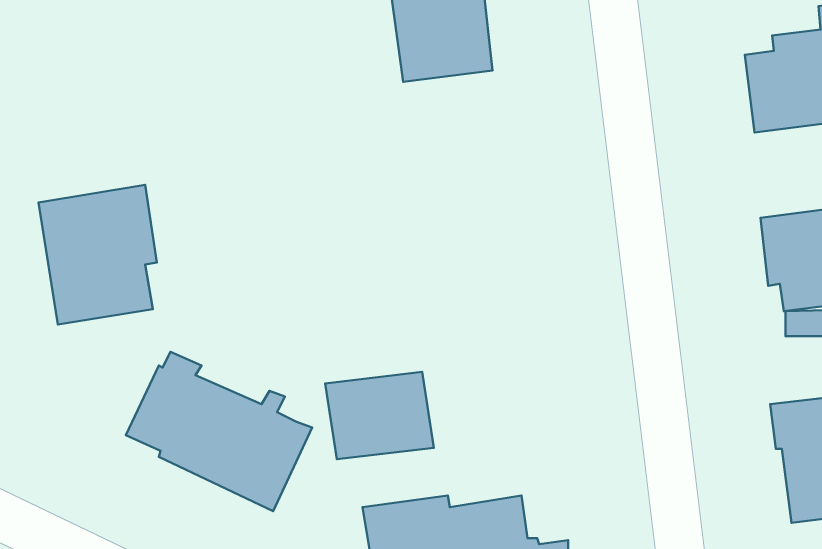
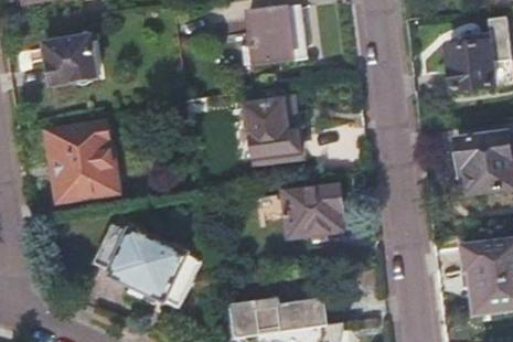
building: none -> [43,35,96,85]
building: none -> [244,98,299,160]
building: [325,372,434,459] -> [281,184,343,234]

